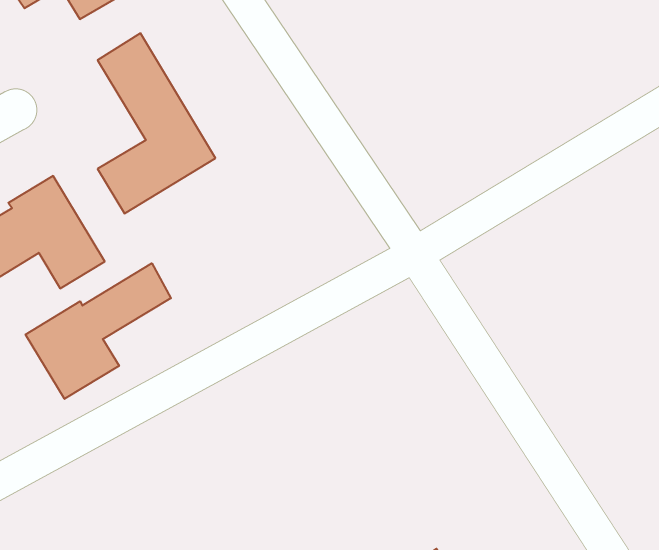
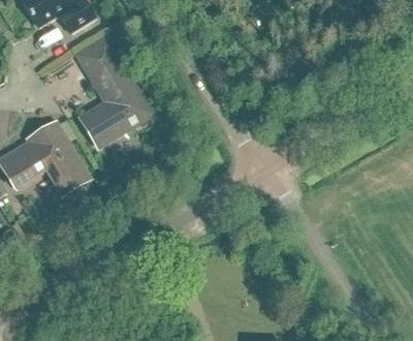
building: [26,263,171,399] -> none

